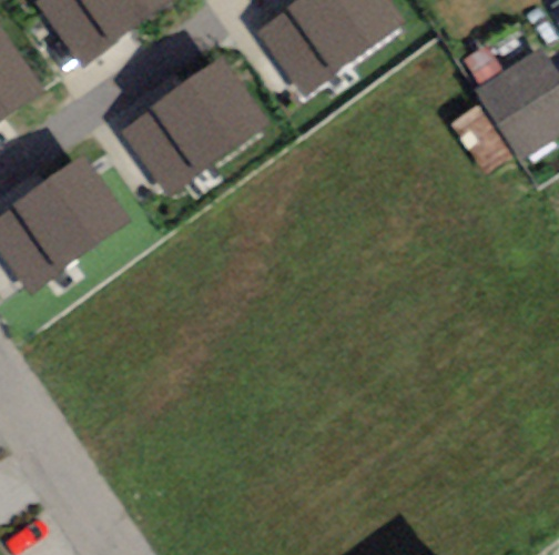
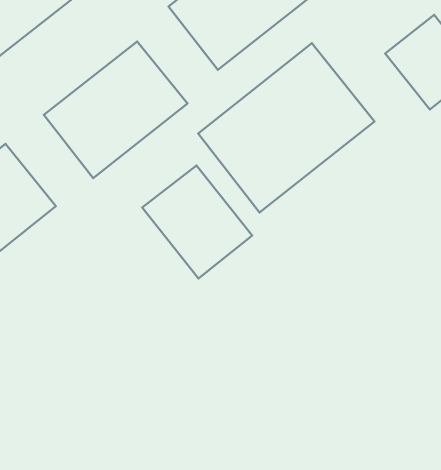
building: none -> [198,43,374,213]
building: none -> [142,166,252,279]

